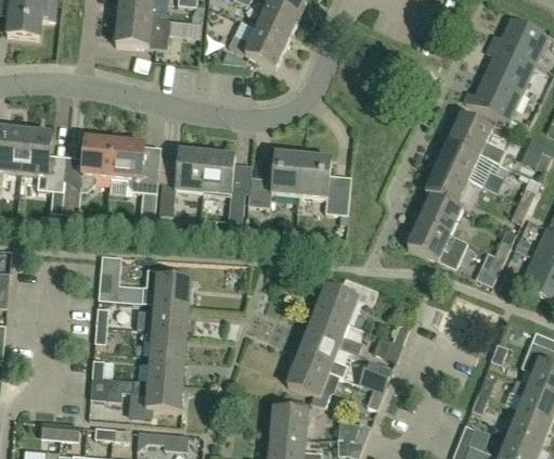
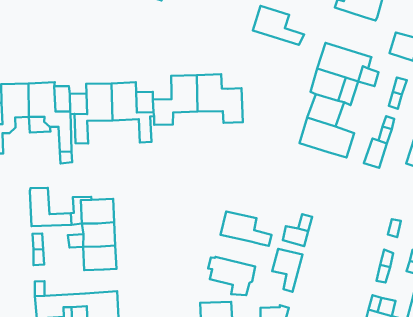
building: [450,112,506,161] -> [253,6,304,45]
building: [315,278,378,322] -> none
building: [297,335,349,377] -> none
building: [147,355,185,383] -> none

